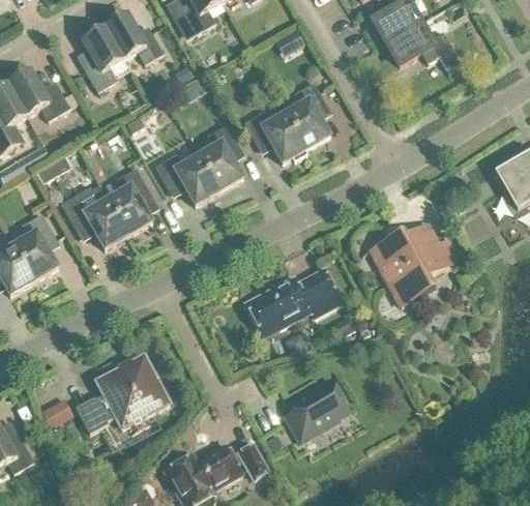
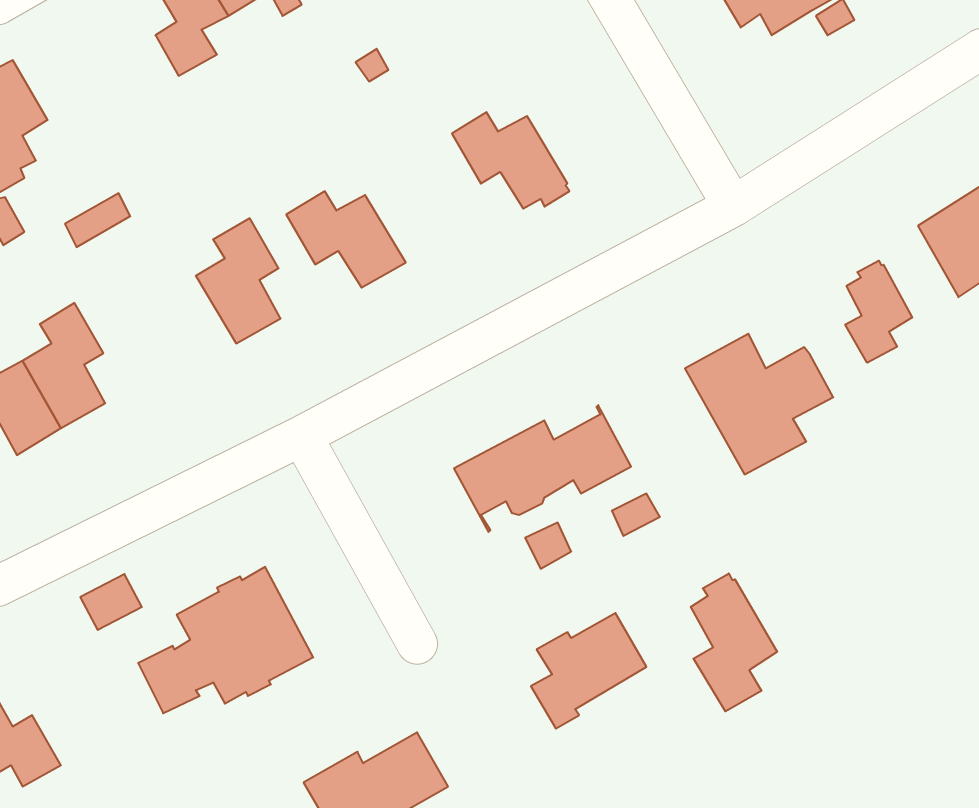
building: [8,70,70,120] -> none
building: [285,82,330,149] -> none
building: [198,124,243,191] -> none
building: [61,184,128,249] -> none
building: none -> [845,261,912,363]
building: none -> [691,573,777,711]
building: [40,397,73,427] -> [80,574,142,630]
building: [238,443,268,478] -> none

